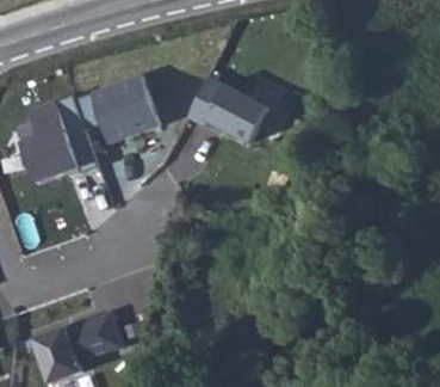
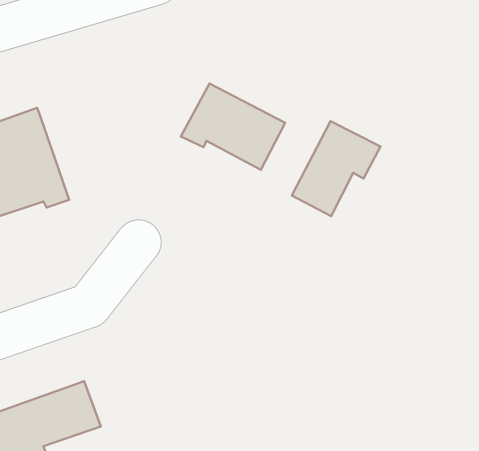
building: [74,75,159,143] -> none
building: none -> [292,121,380,216]

